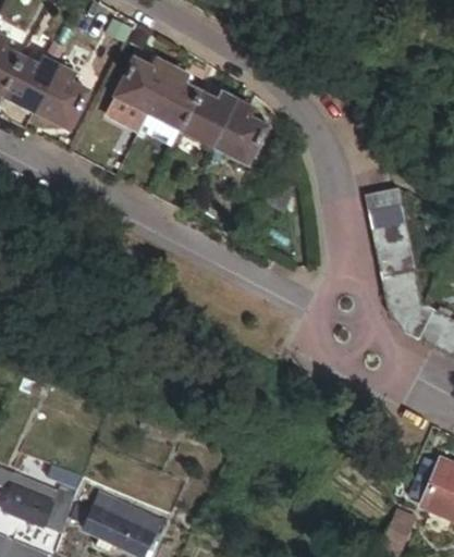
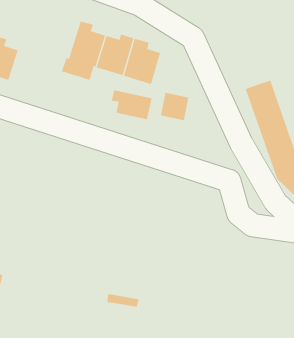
building: [119,62,173,115] -> none
building: none -> [111,90,152,120]

